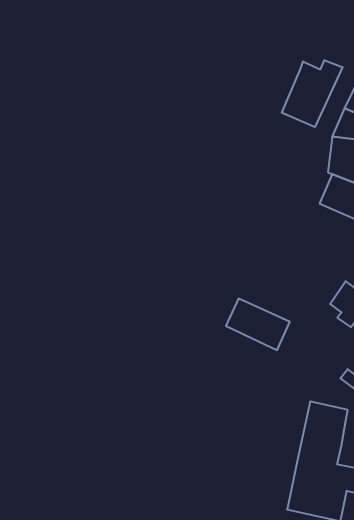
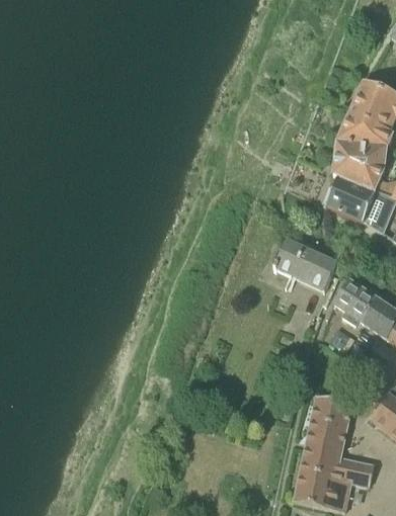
building: [282,60,343,127] -> none
building: [226,299,290,350] -> [274,241,336,290]

